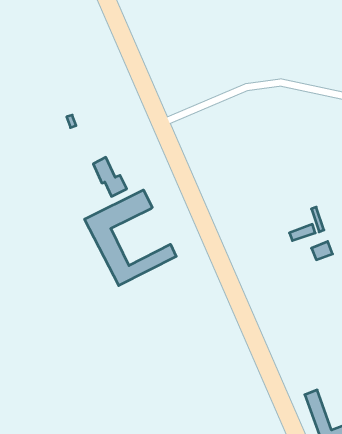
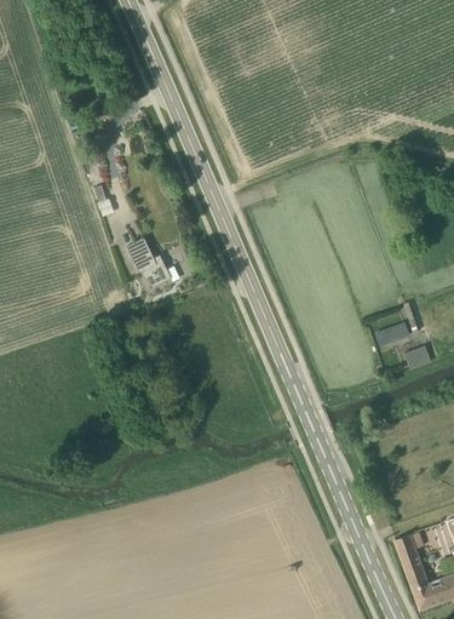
building: [85,190,176,286] -> none

